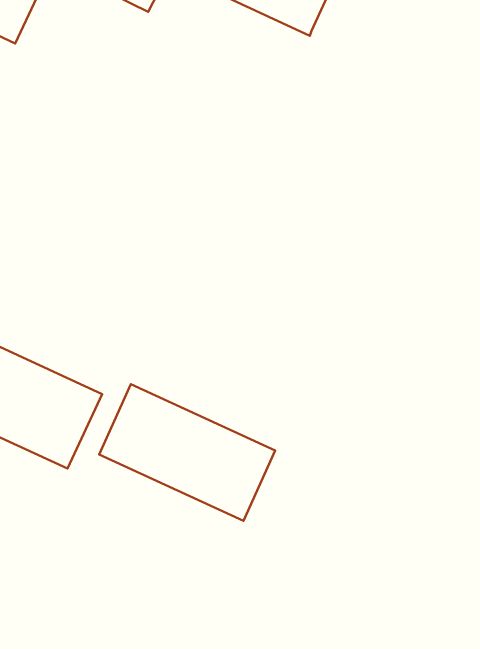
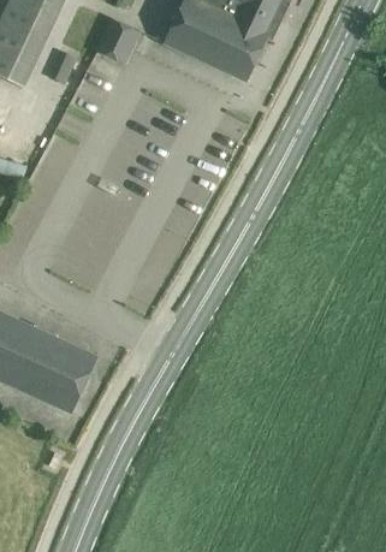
building: [99,384,275,521] -> none

